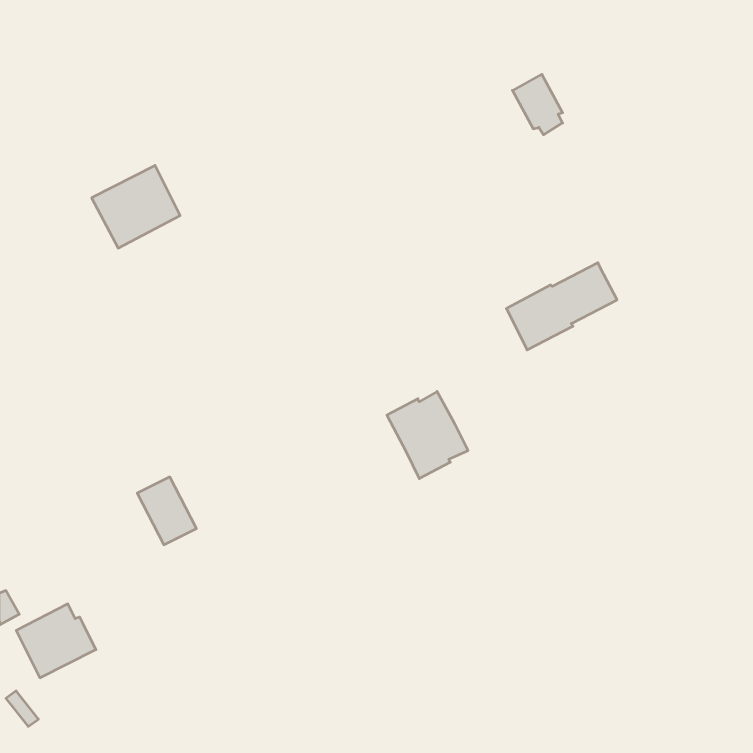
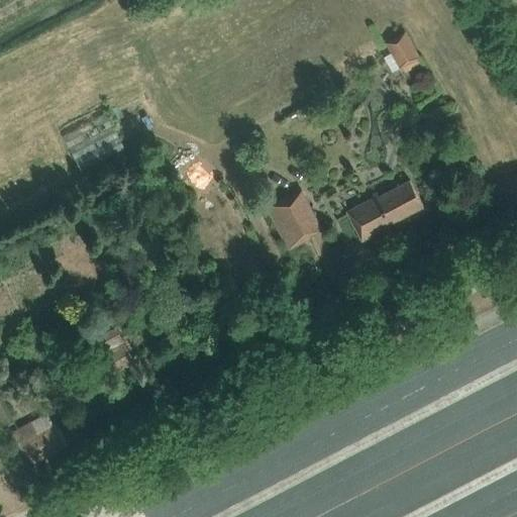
building: [512,74,563,135] -> [385,31,419,73]
building: [387,391,468,479] -> [266,190,321,249]

